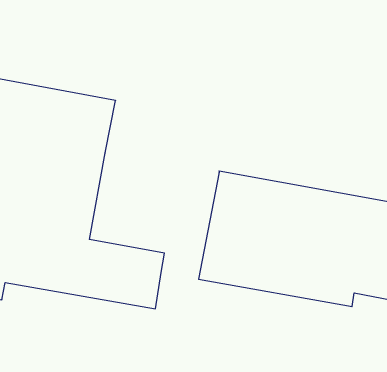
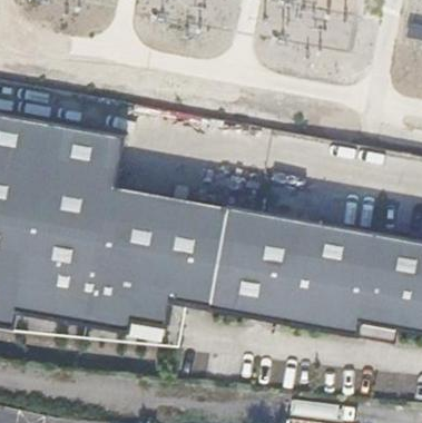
building: none -> [99,187,226,311]

